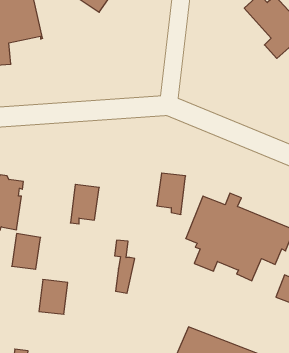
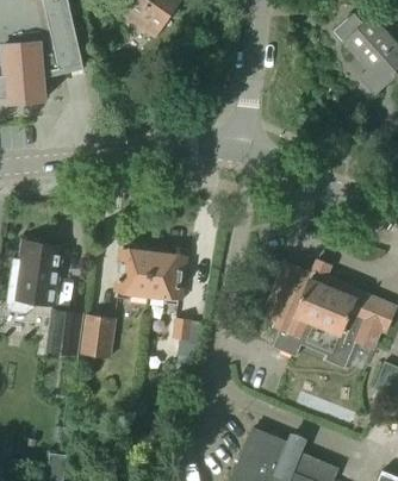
building: [157,173,186,214] -> [148,254,184,305]
building: [39,280,68,314] -> [80,316,116,358]

